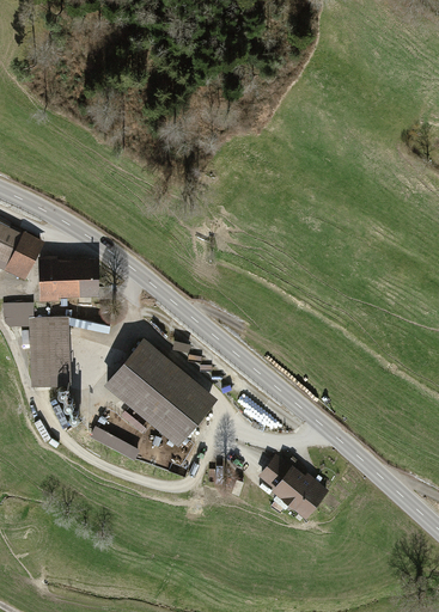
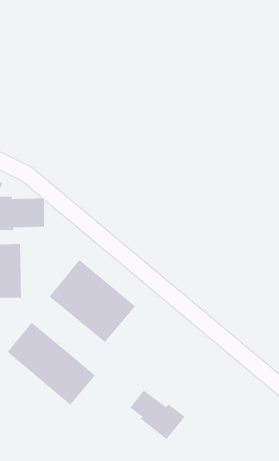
building: none -> [7,322,96,406]
building: [257,454,329,519] -> [130,390,185,440]

